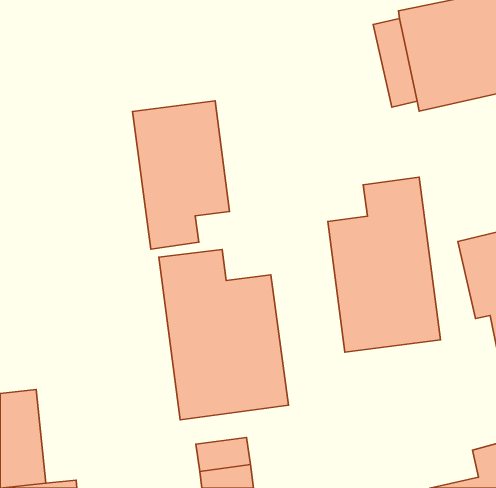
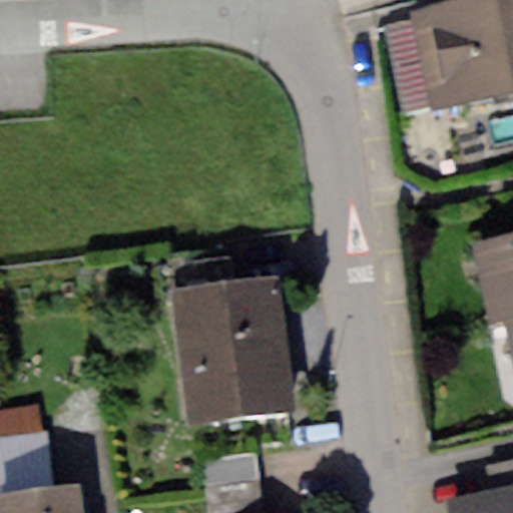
building: [133,101,229,249] -> none
building: [328,177,440,352] -> none

